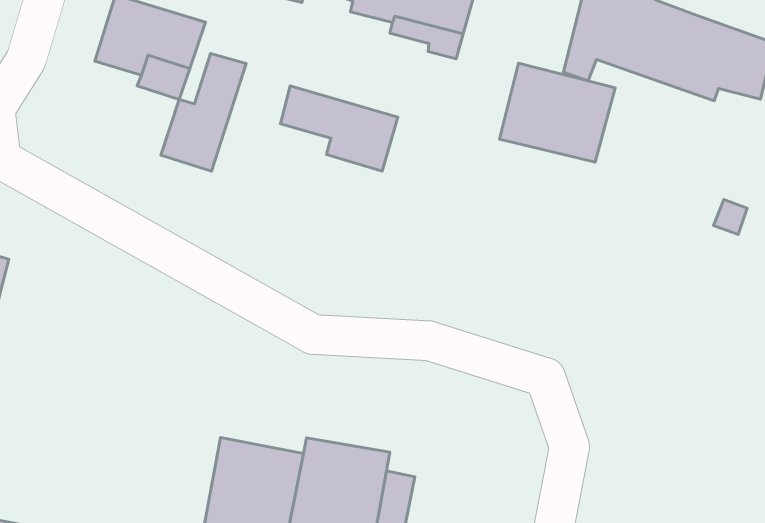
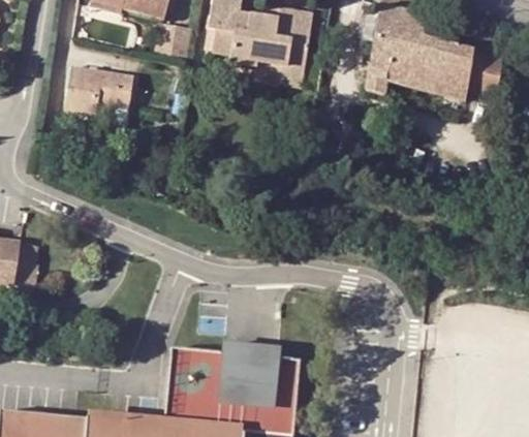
building: [161,54,246,171] -> none
building: [500,63,615,162] -> none
building: [280,86,398,171] -> none

